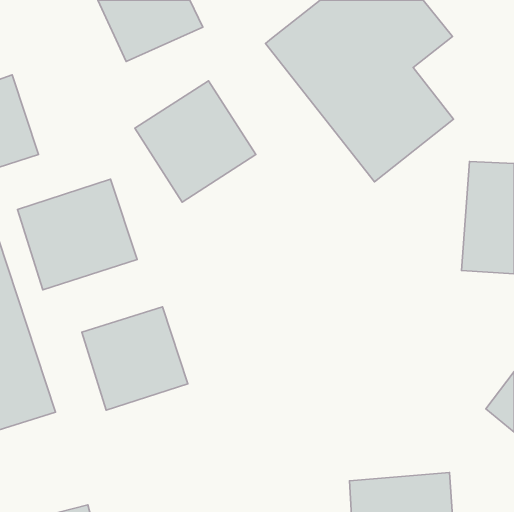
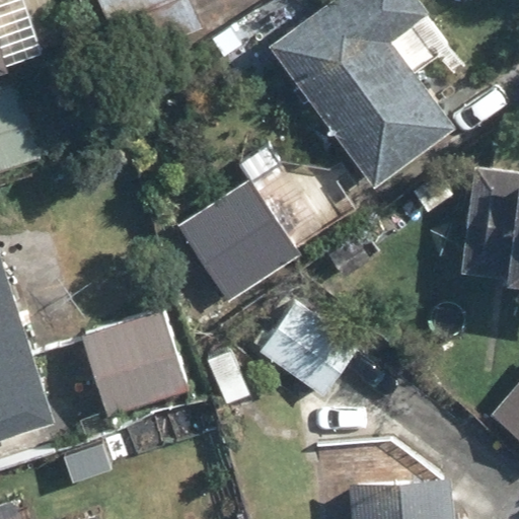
building: [135,81,256,202] -> [179,179,301,301]
building: [18,179,137,290] -> none
building: none -> [244,295,360,401]

